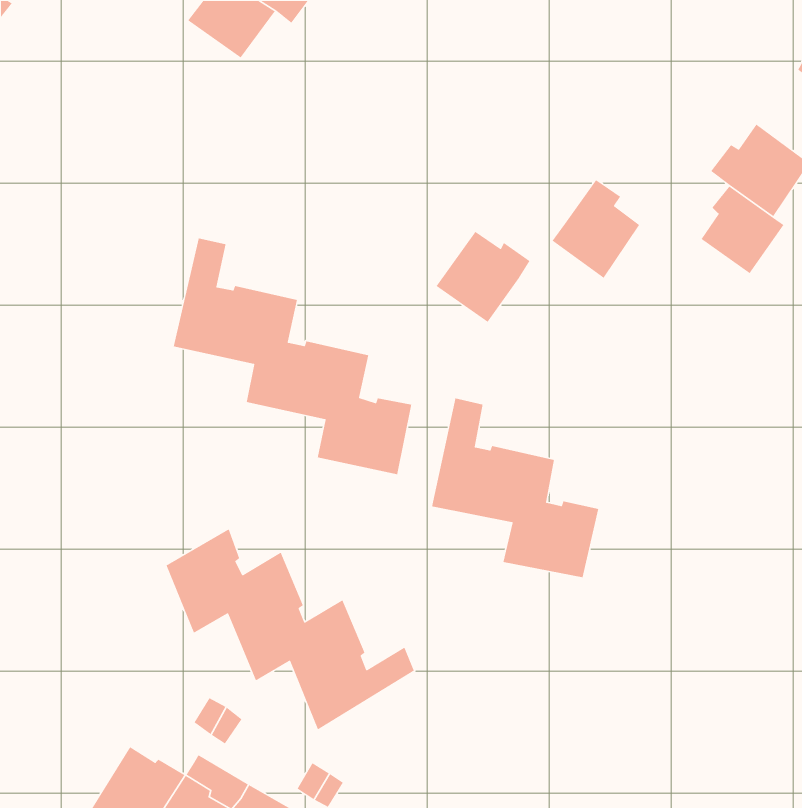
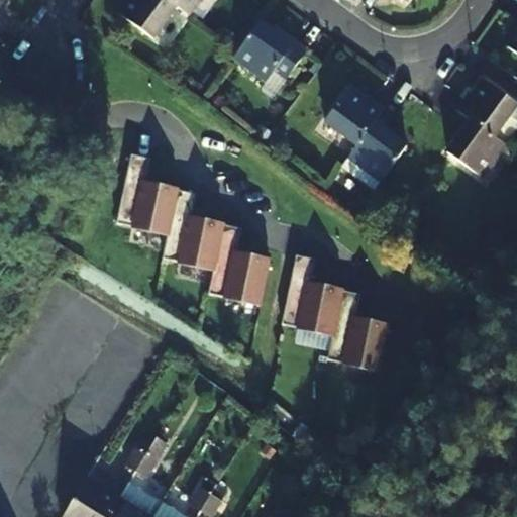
building: none -> [241,20,313,79]
building: [435,231,530,323] -> [331,85,392,143]
building: [165,528,415,730] -> none

